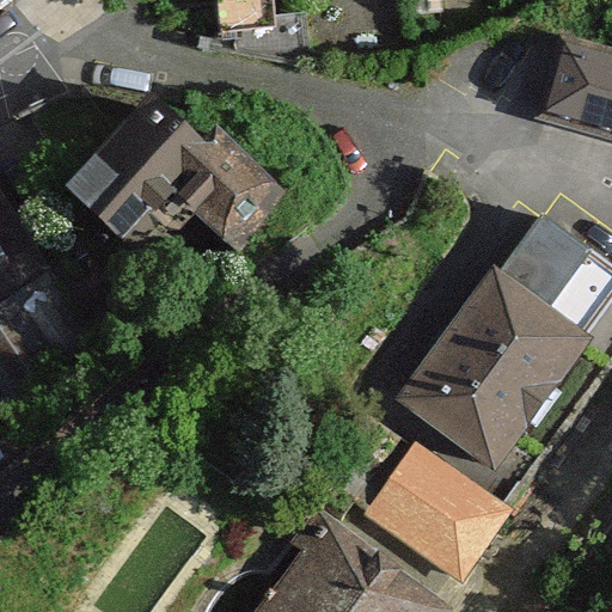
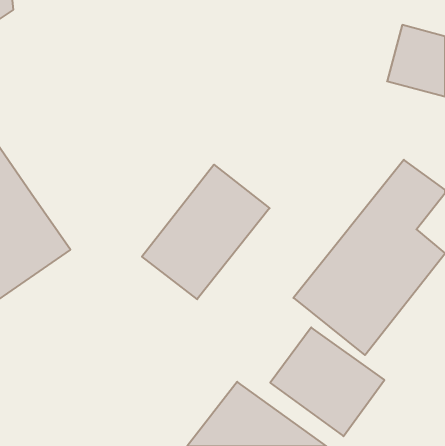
building: [68,93,269,251] -> none
building: none -> [142,165,270,299]

